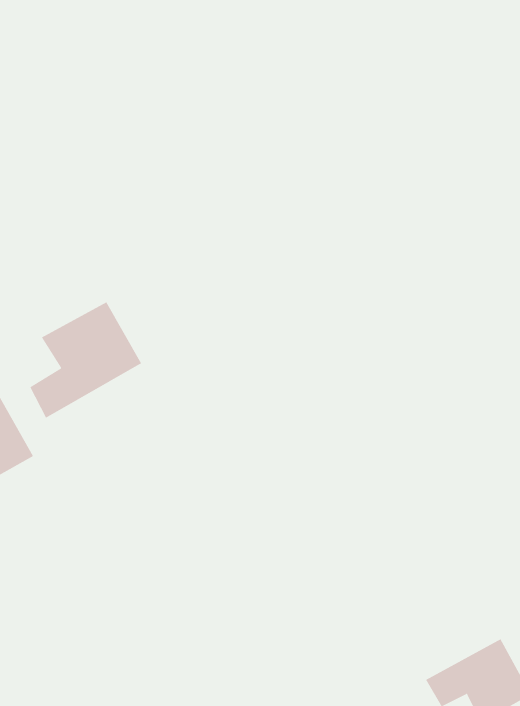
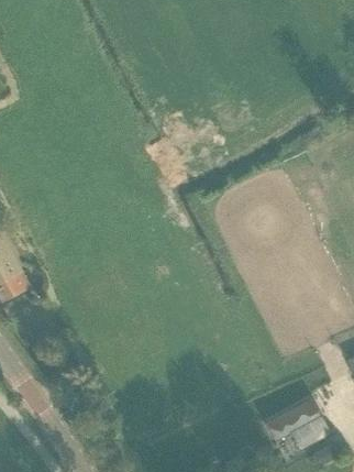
building: [30,301,142,418] -> none

